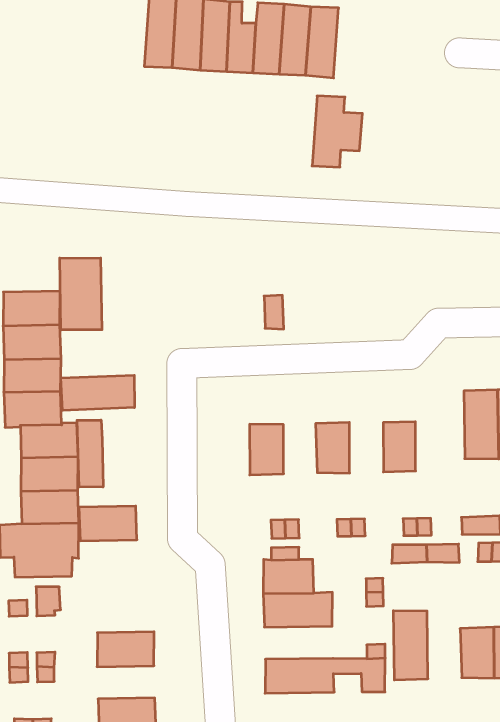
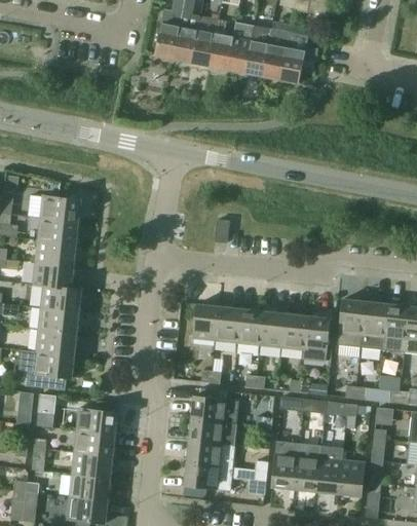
building: [312,96,362,167] -> [280,34,318,83]
building: [60,258,102,330] -> none
building: [61,375,134,410] -> none
building: [77,420,103,487] -> none
building: none -> [302,316,329,361]
building: none -> [258,311,285,347]
building: none -> [214,307,239,342]
building: [79,506,137,541] -> [76,408,116,435]
building: none -> [293,444,320,491]
building: none -> [186,441,233,467]
building: none -> [71,453,111,479]

